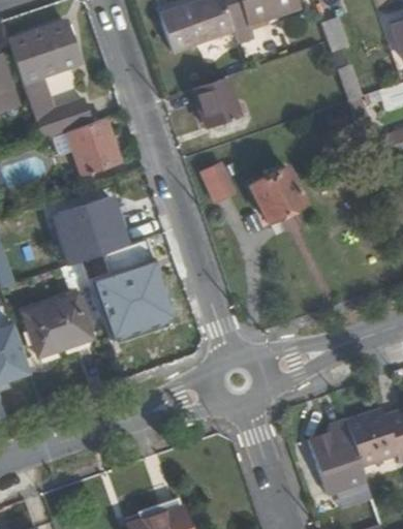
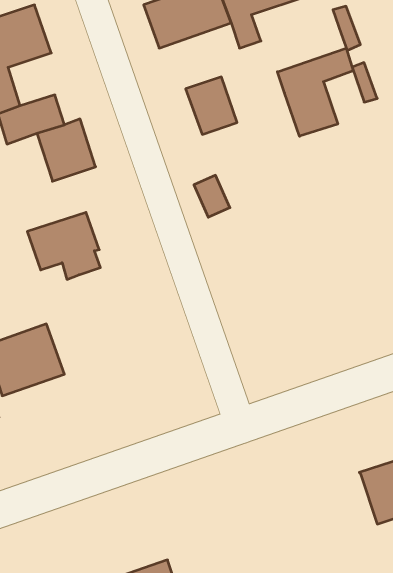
building: none -> [277,48,353,136]
building: [250,167,312,236] -> none
building: [84,237,170,336] -> none
building: [308,422,366,495] -> none

